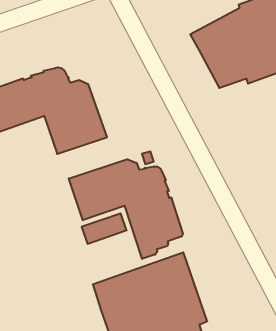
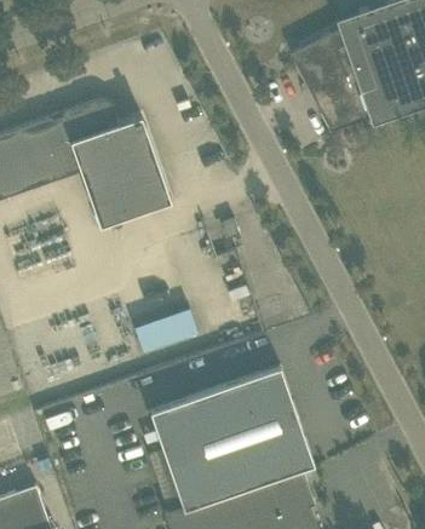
building: [69,159,183,259] -> none

